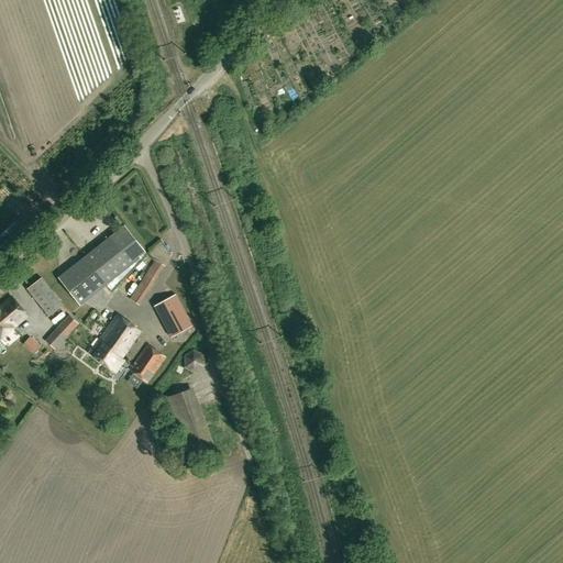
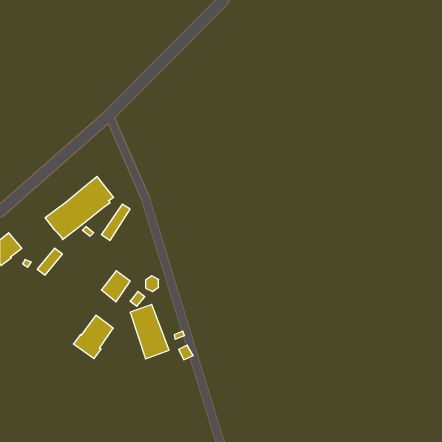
building: [26,278,63,317] -> none
building: [154,295,192,338] -> none
building: [89,316,140,371] -> [73,315,113,359]

